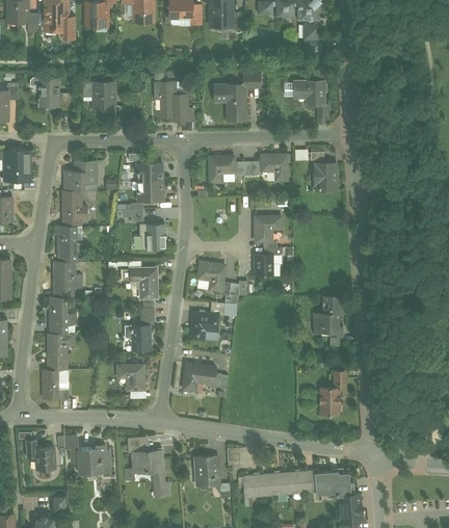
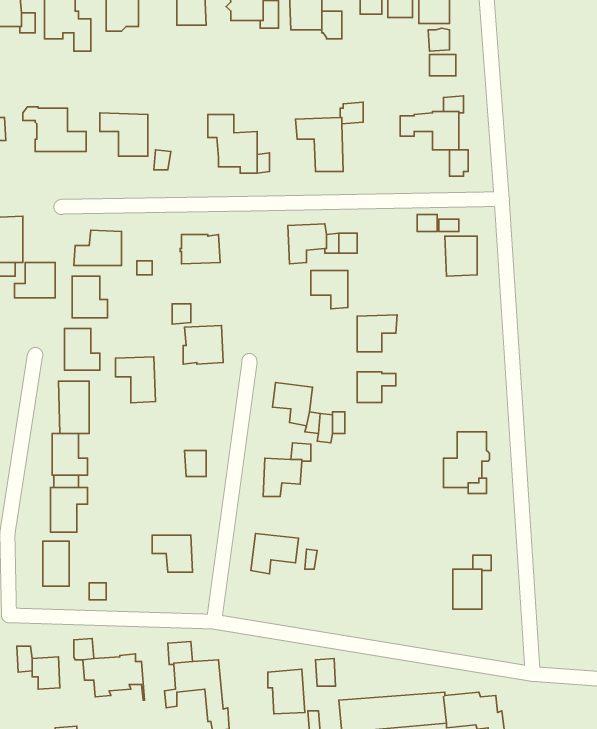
building: [261,155,286,181] -> [311,270,348,309]
building: [136,181,162,201] -> none
building: none -> [15,262,55,298]
building: [129,267,156,298] -> [115,357,156,403]
building: [125,325,149,350] -> none

